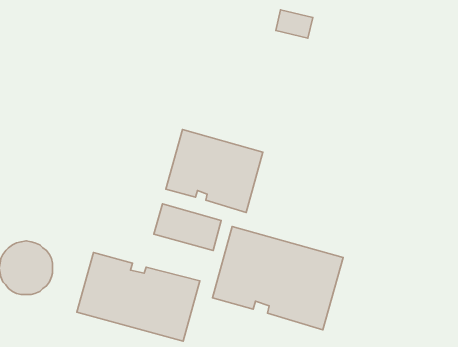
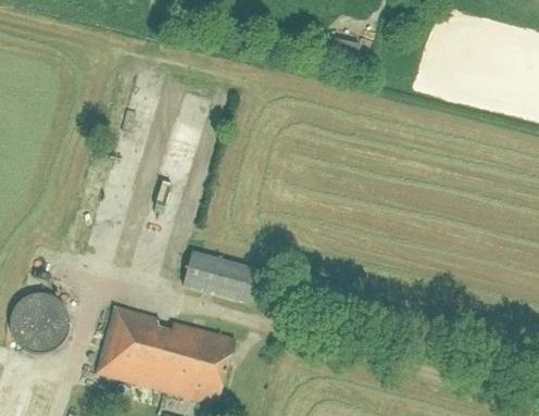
building: [166,130,263,212] -> none
building: [212,227,343,330] -> none

